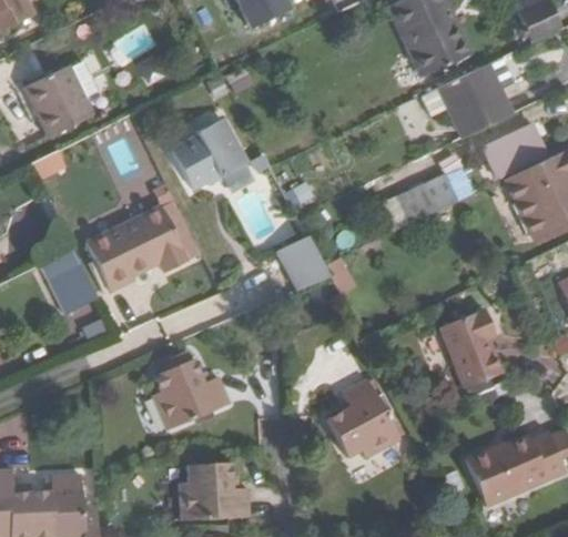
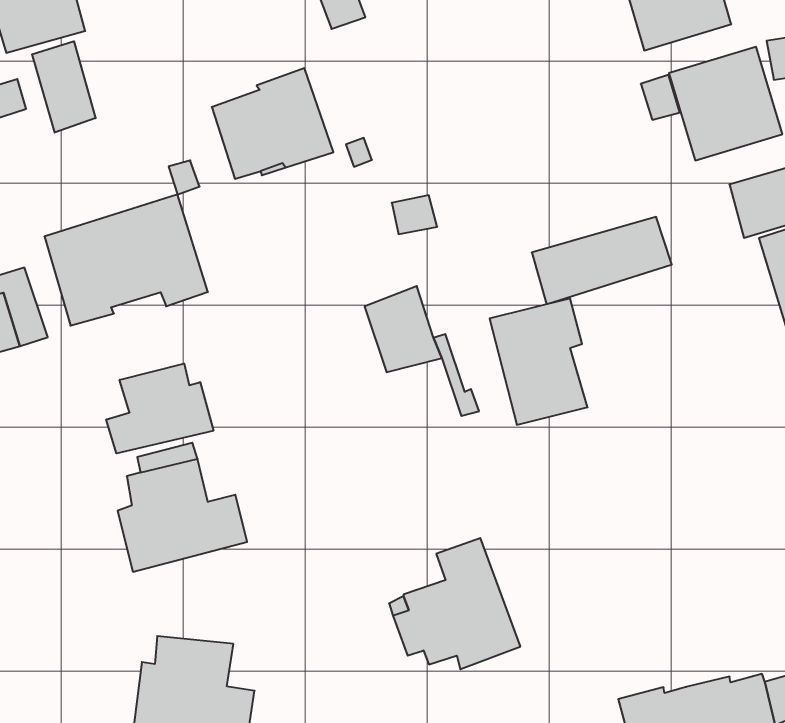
building: none -> [32,41,96,133]
building: none -> [106,364,213,453]
building: [437,311,503,389] -> [490,299,588,425]

